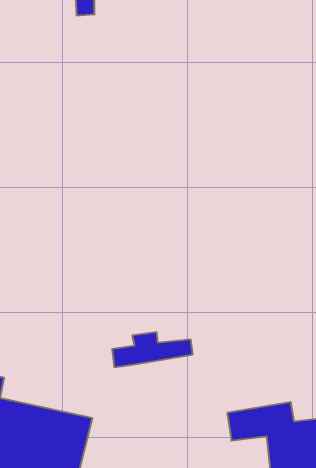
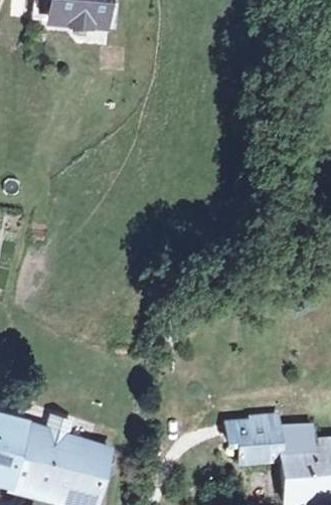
building: [112,332,193,367] -> [227,408,304,442]

